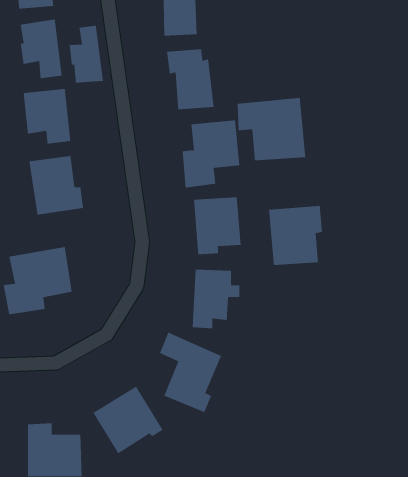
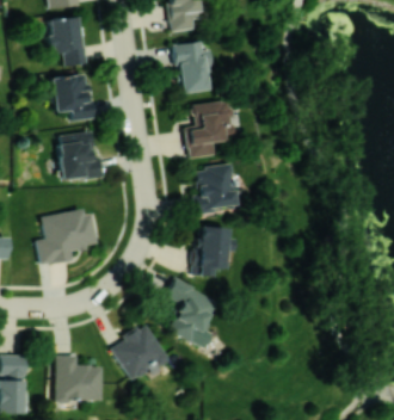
building: [69,25,103,84] -> none
building: [237,97,306,161] -> none
building: [269,205,323,266] -> none

